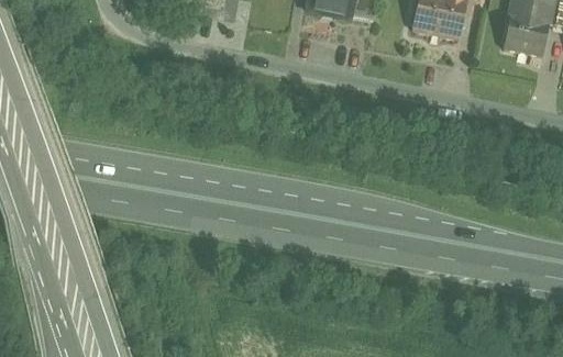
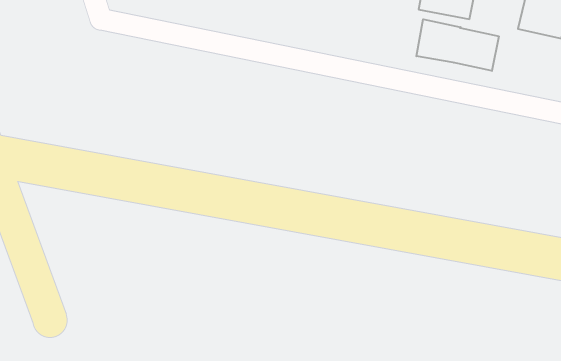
building: none -> [416,19,499,71]

